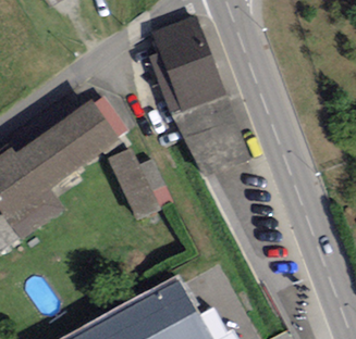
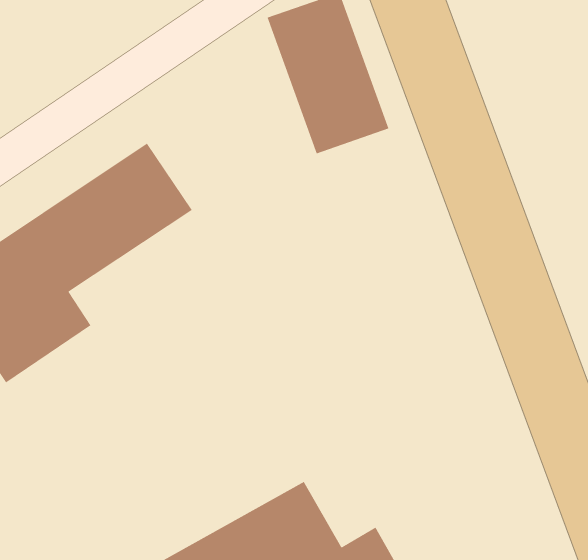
building: [112,143,176,214] -> none

